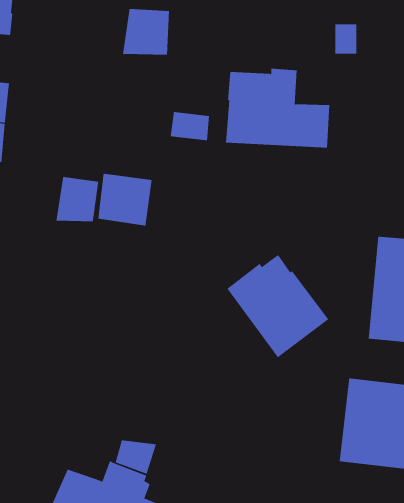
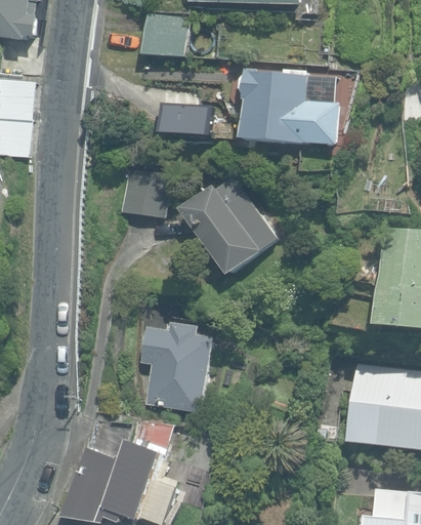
building: [56,176,99,222] -> none
building: [227,254,329,358] -> [181,177,279,276]
building: none -> [139,323,215,413]

